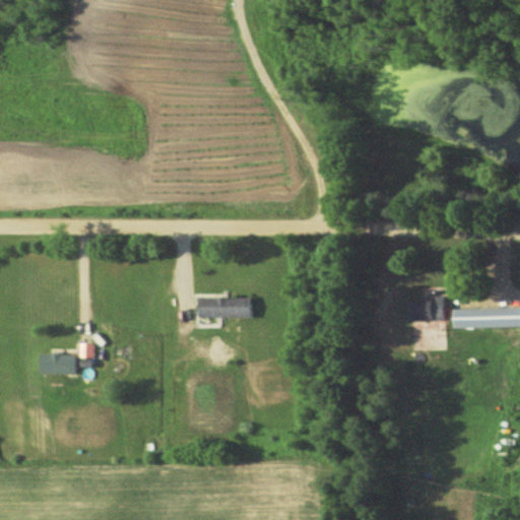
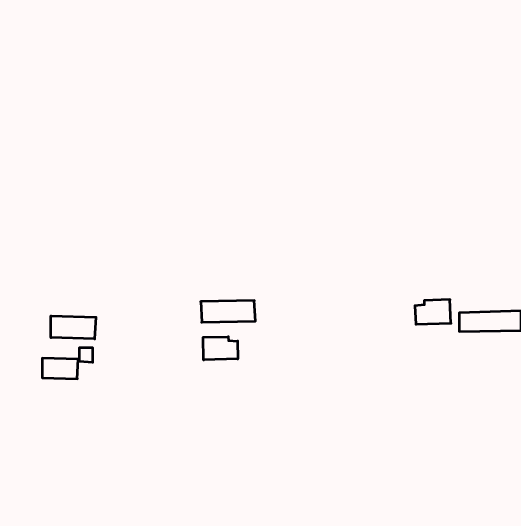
building: none -> [51,316,96,339]
building: none -> [203,337,238,360]

